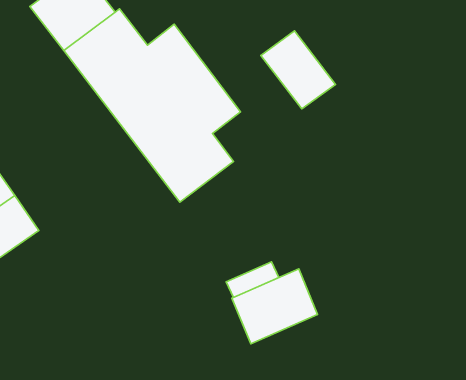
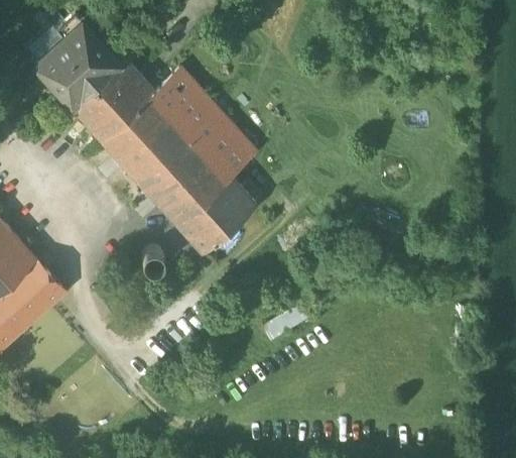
building: [261,31,336,109] -> none
building: [232,269,318,344] -> none

